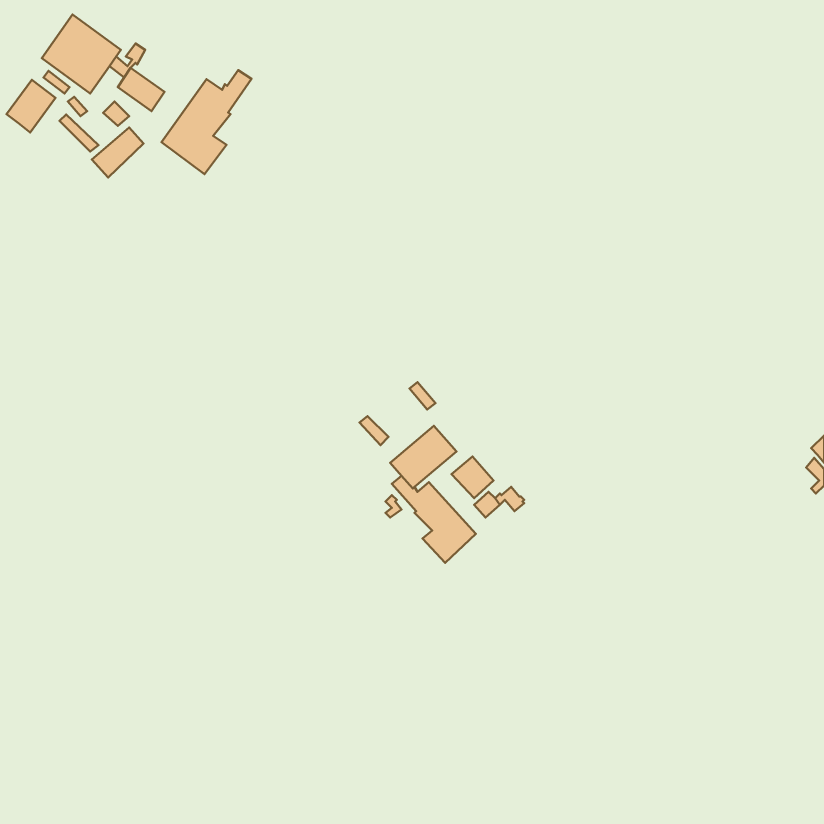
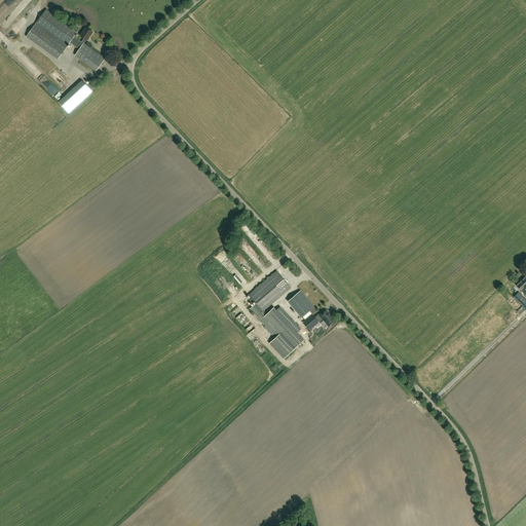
building: [161,70,251,174] -> none
building: [7,80,55,132] -> none

